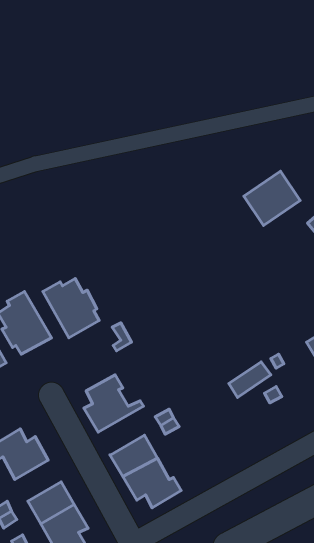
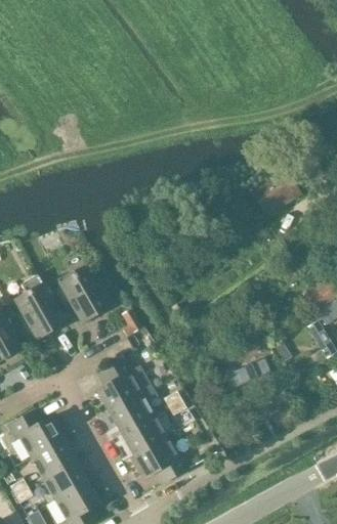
building: none -> [110,388,159,435]
building: none -> [31,440,75,479]

